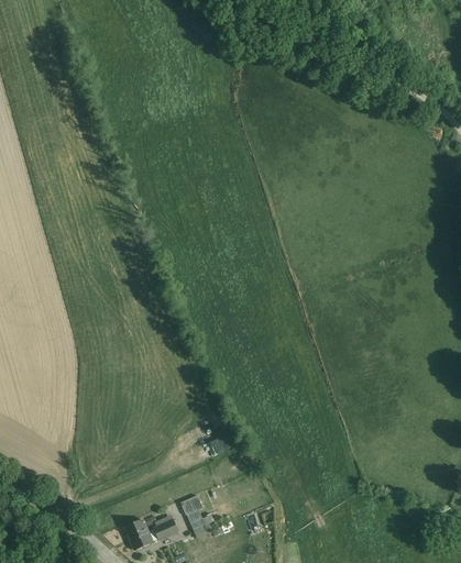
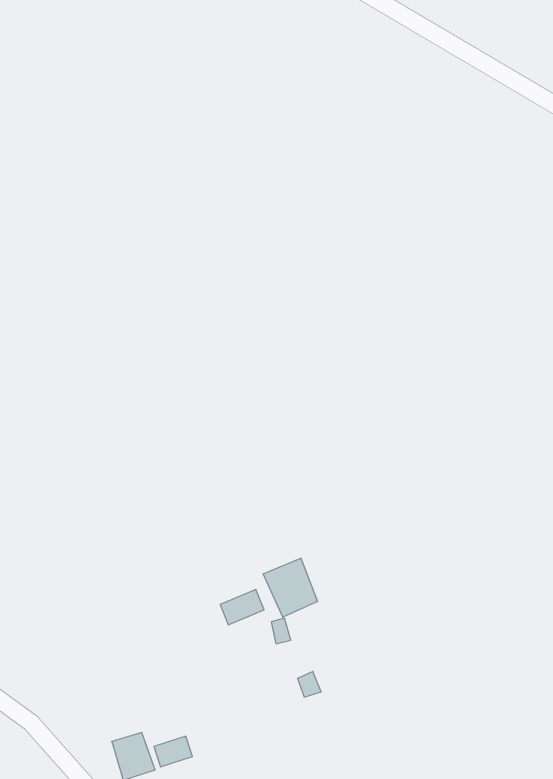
building: none -> [263,558,318,617]
building: [182,495,209,534] -> none

